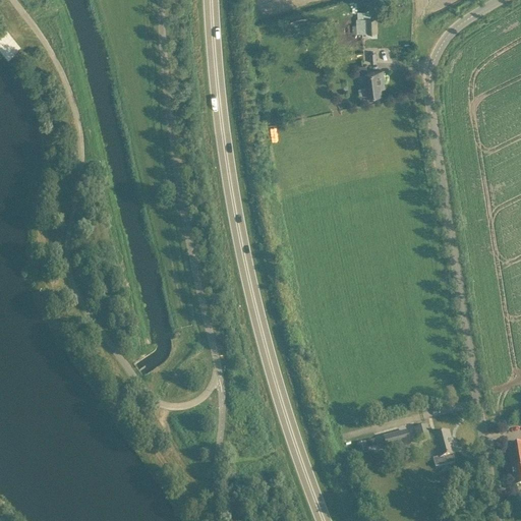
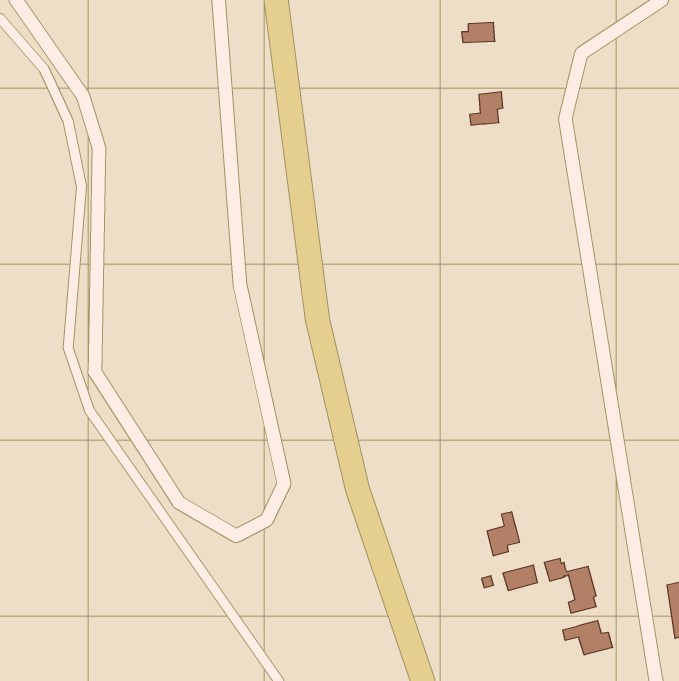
building: none -> [487,512,520,556]
building: none -> [563,620,613,655]

